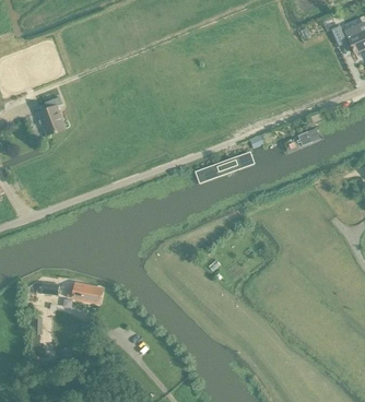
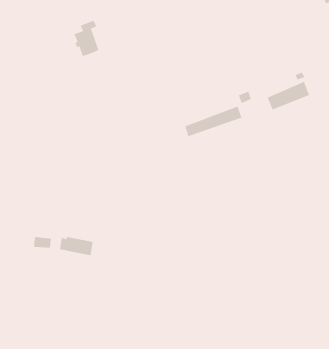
building: [37,97,63,134] -> [74,20,99,57]

